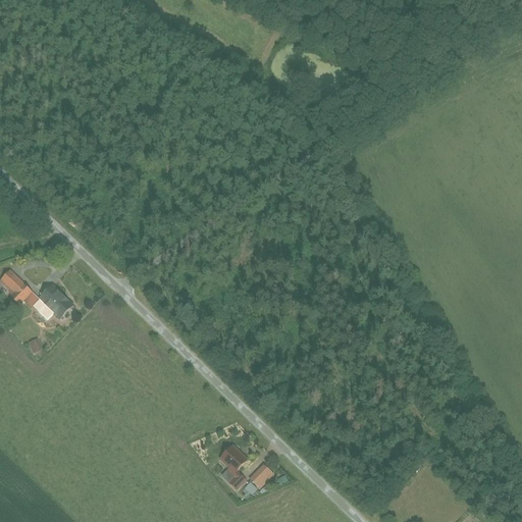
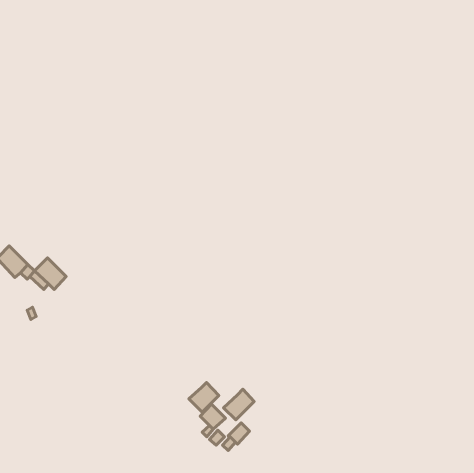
building: none -> [189,382,219,412]
building: none -> [224,389,254,420]

